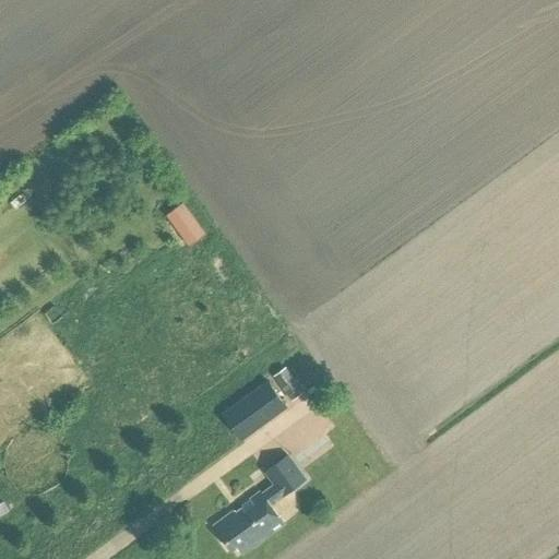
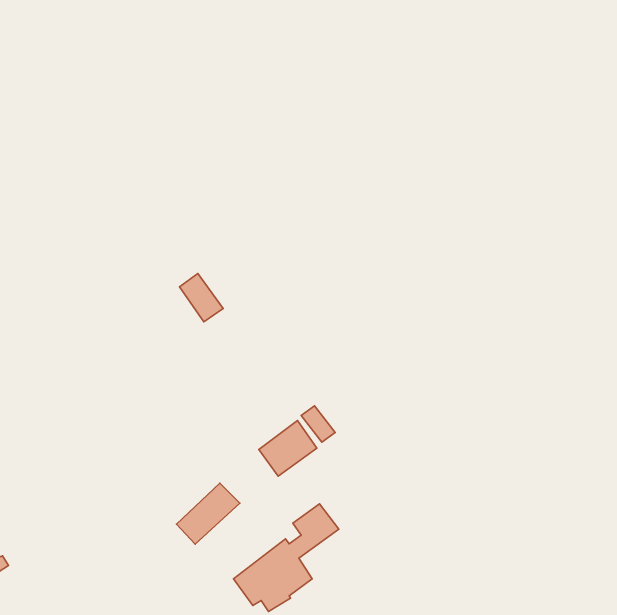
building: [165,204,204,248] -> [180,273,223,322]
building: none -> [177,483,240,544]

